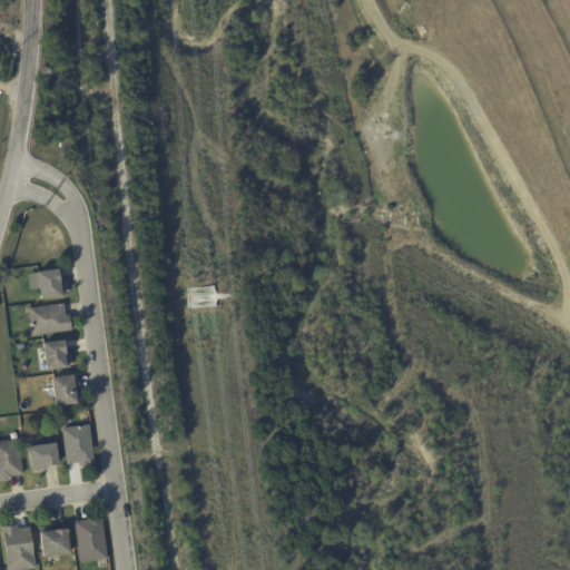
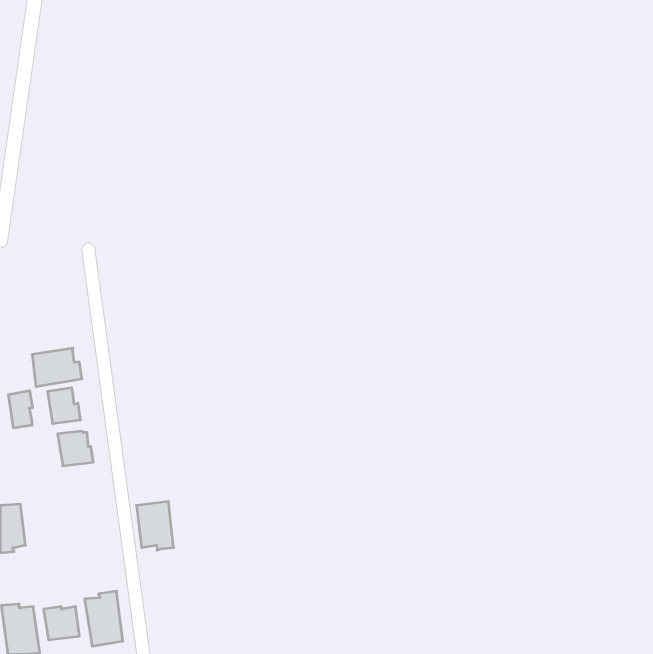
building: [29,268,67,298] -> none
building: none -> [8,391,32,428]
building: [62,424,95,466] -> [136,502,174,550]
building: [29,443,59,472] -> none

